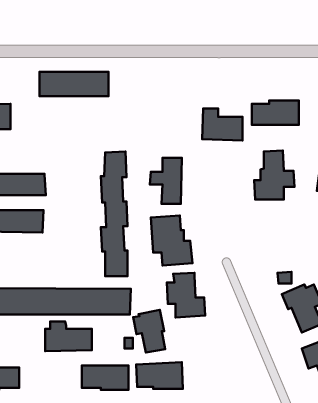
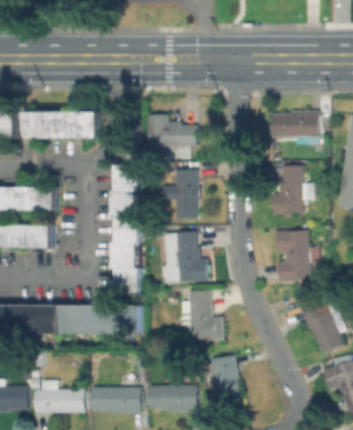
building: [40,72,109,96] -> [28,114,100,140]
building: [202,108,243,140] -> [151,114,193,147]
building: none -> [274,229,319,281]
building: [133,310,165,352] -> [205,356,239,400]
building: [45,321,92,351] -> [36,381,84,412]

